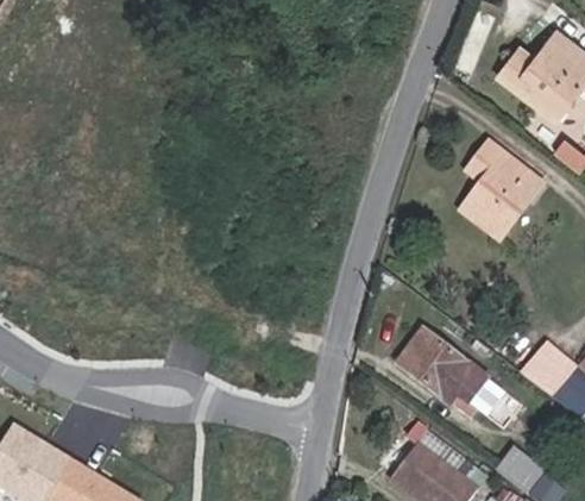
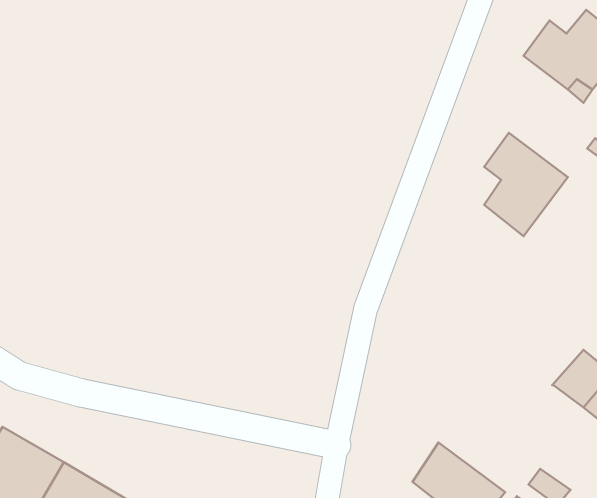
building: [401,332,505,421] -> none

